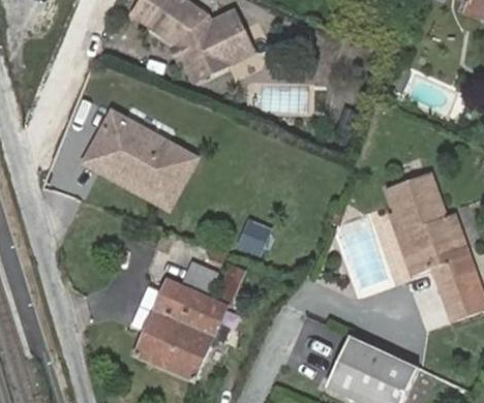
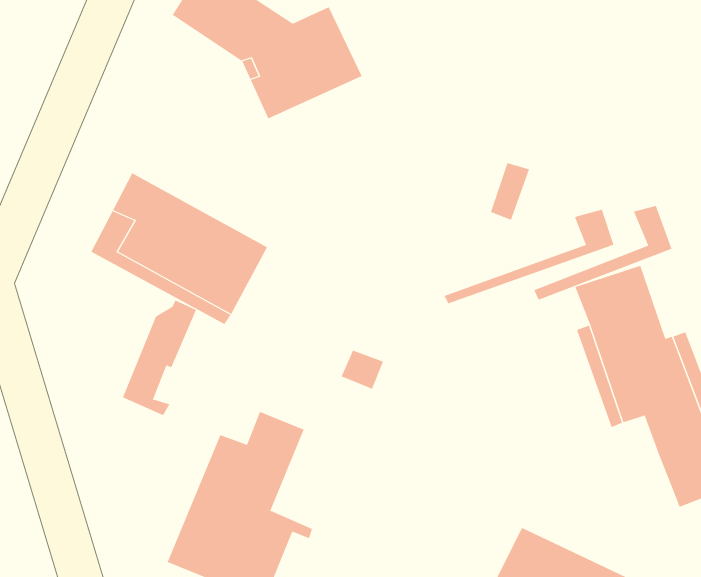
building: none -> [533,205,672,301]
building: none -> [444,209,614,304]
building: [196,262,243,335] -> [122,300,197,416]

